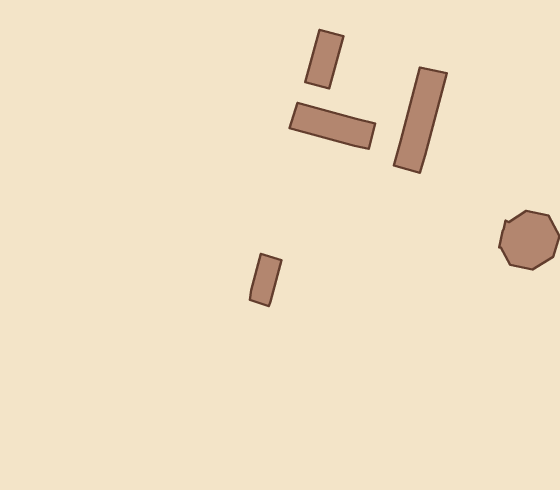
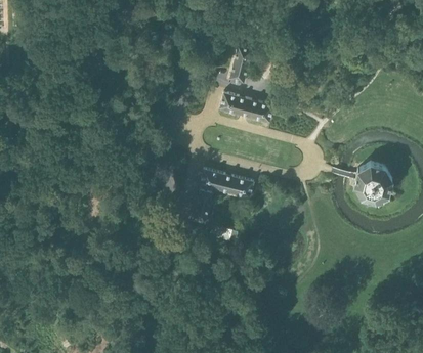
building: [394,67,447,173] -> none
building: none -> [199,168,254,197]

